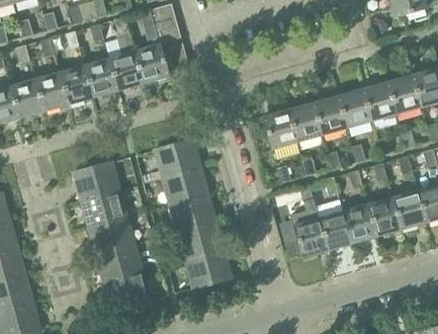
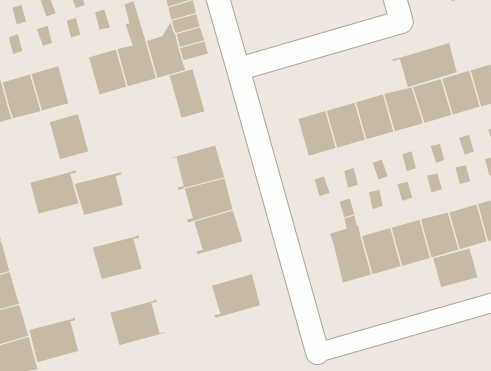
building: none -> [392,42,457,88]
building: [59,64,93,103] -> [49,114,89,160]
building: none -> [169,68,205,119]
building: [80,188,122,227] -> [30,169,79,214]
building: [181,222,225,260] -> none
building: none -> [433,248,478,288]
building: [95,243,139,282] -> [29,317,79,363]

